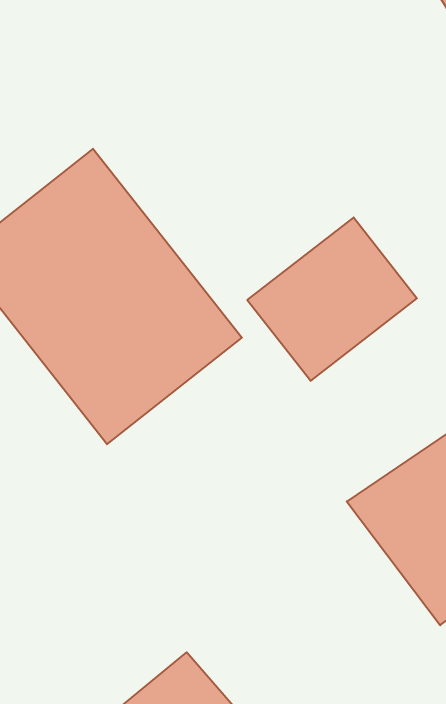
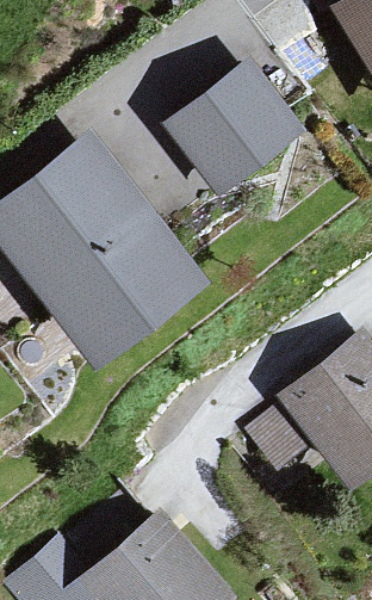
building: [247,217,417,381] -> [168,63,296,186]

